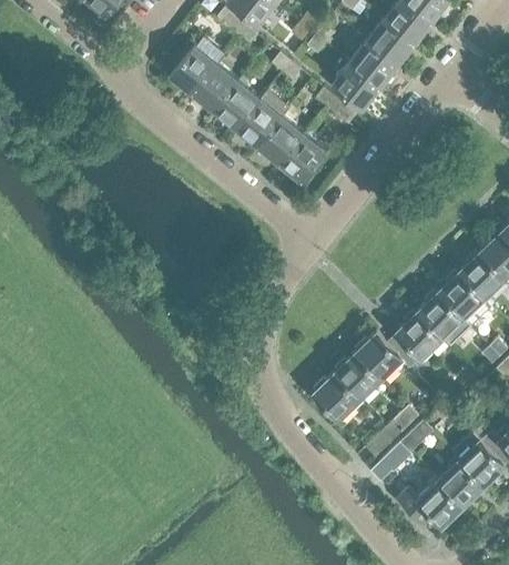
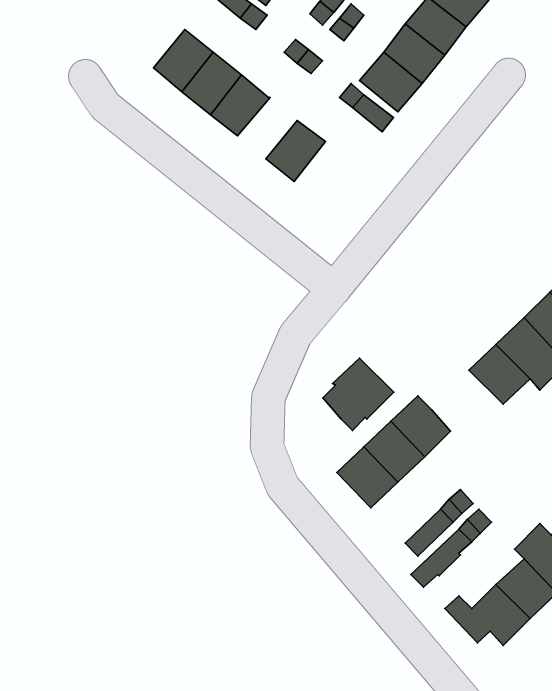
building: [236,90,291,147] -> none
building: [281,133,327,182] -> none
building: [388,312,444,369] -> [323,358,394,430]

